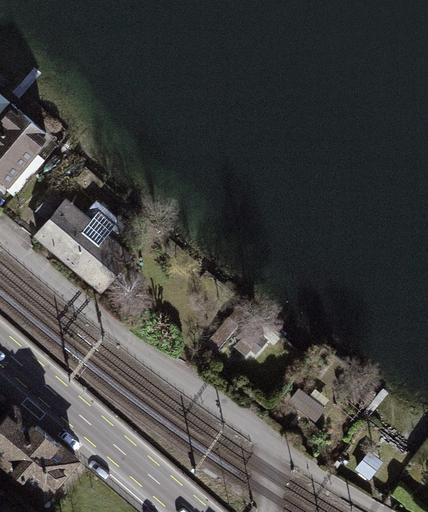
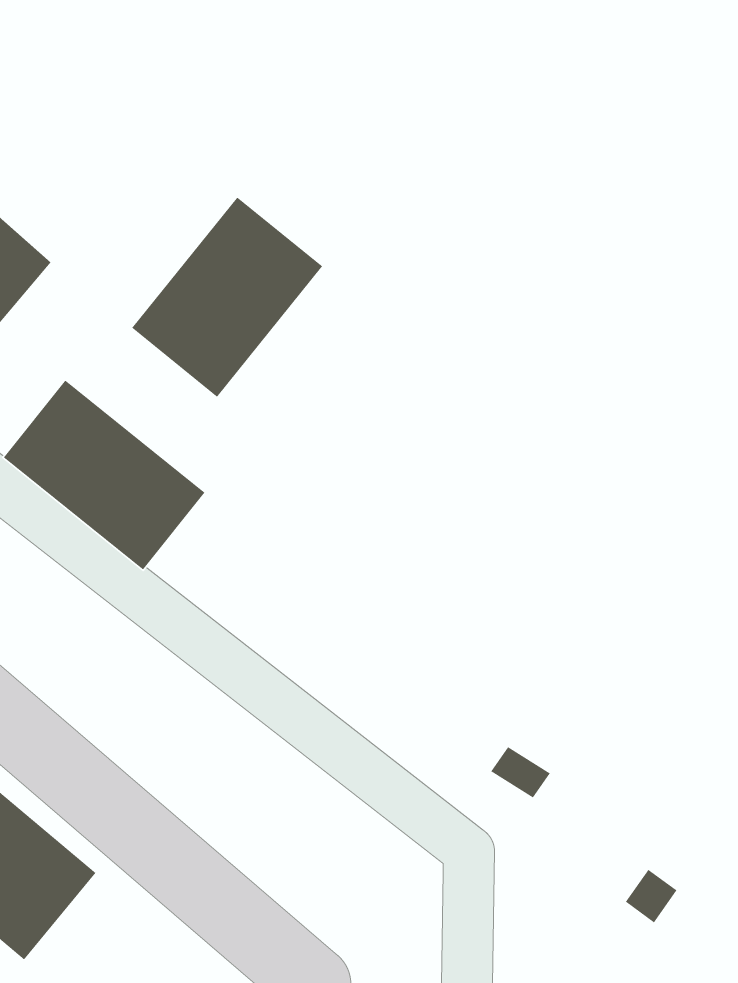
building: none -> [131,196,323,398]

